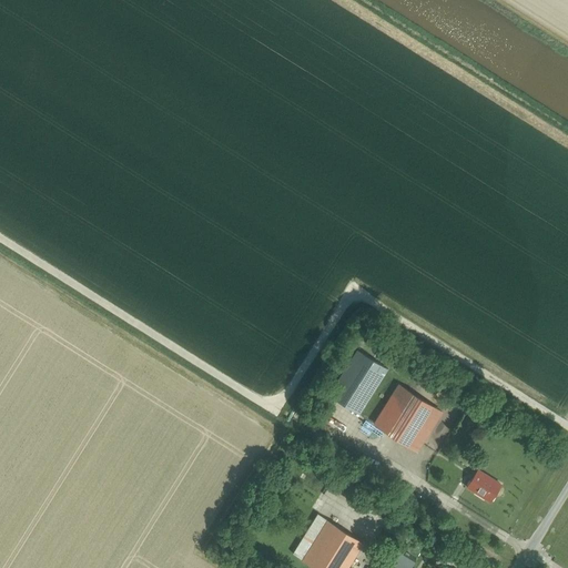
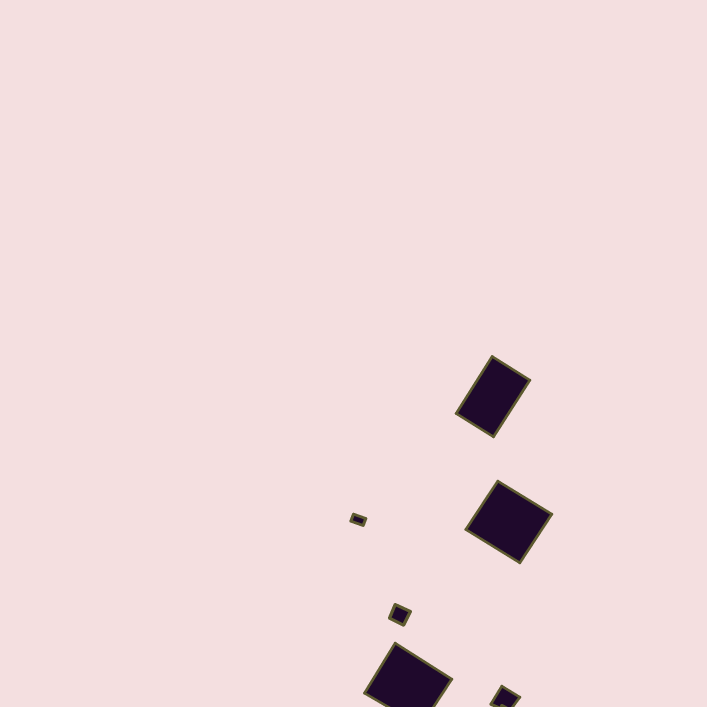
building: [329,351,388,415] -> [456,357,530,437]
building: [467,470,501,503] -> none

